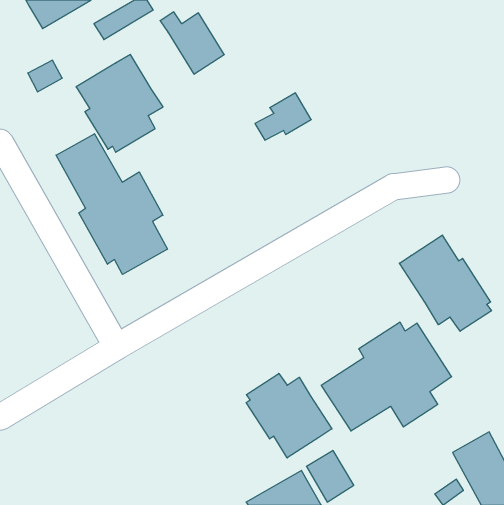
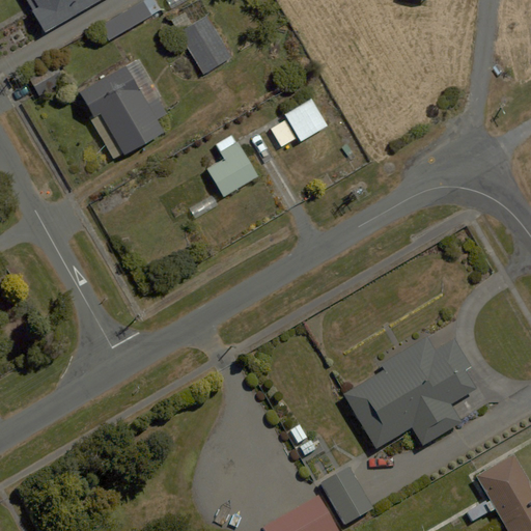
building: none -> [205,135,258,198]
building: [56,134,167,274] -> none
building: [399,235,491,331] -> none
building: [246,373,332,458] -> none

